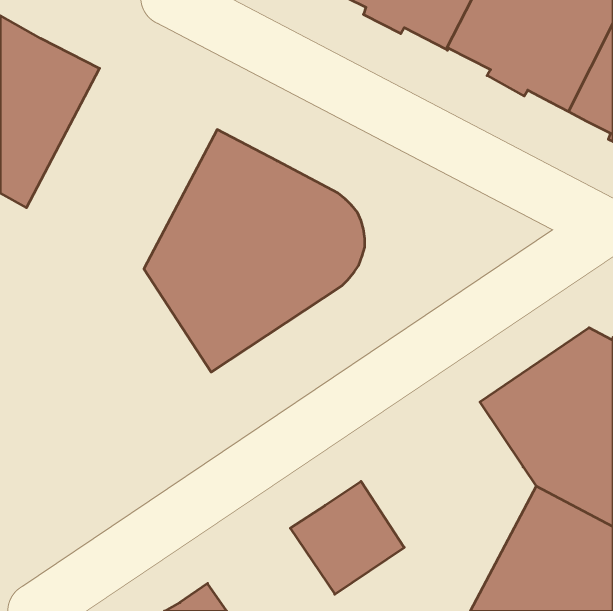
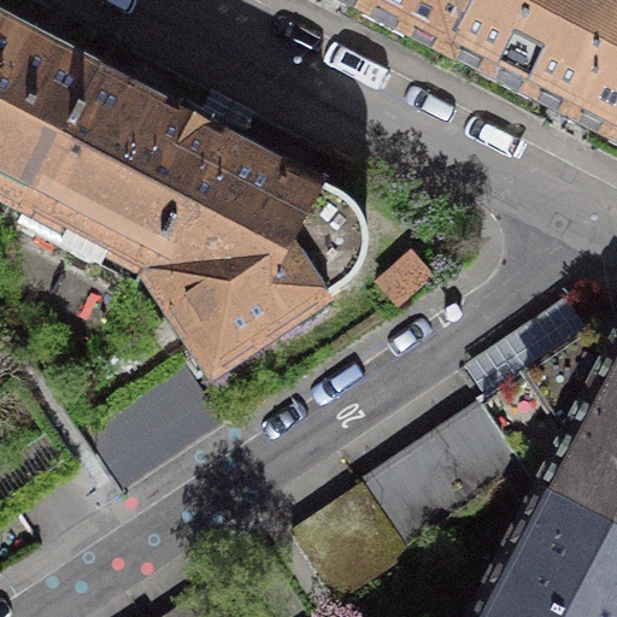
building: none -> [19,69,218,270]
building: none -> [363,404,525,550]

